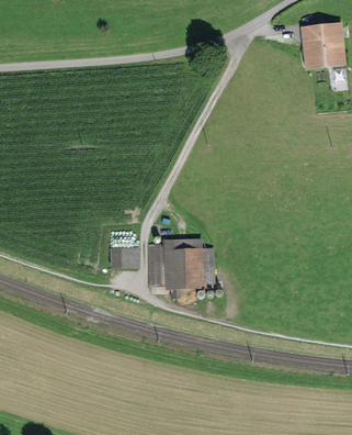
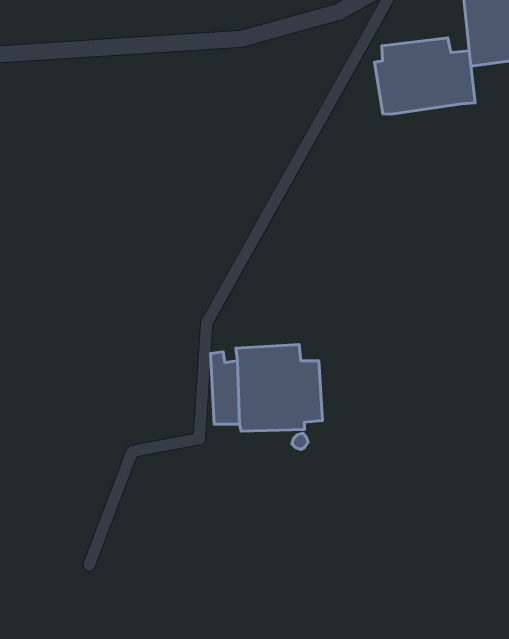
building: none -> [375,38,475,114]
building: [110,246,139,270] -> none

